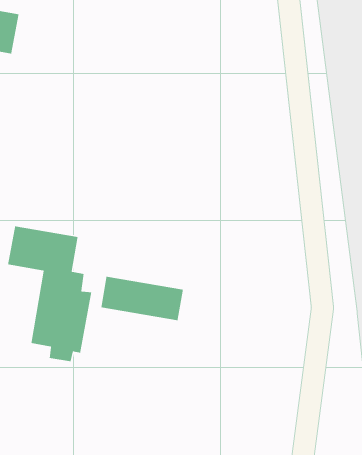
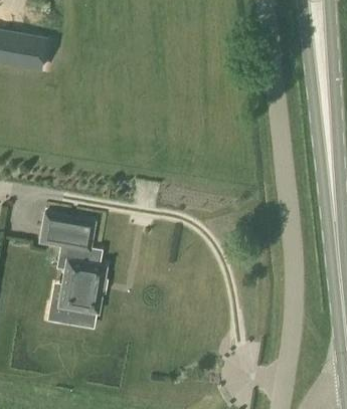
building: [100,276,184,321] -> none

